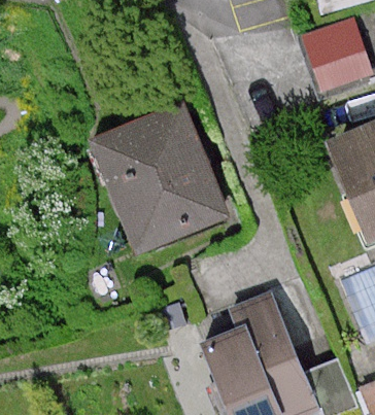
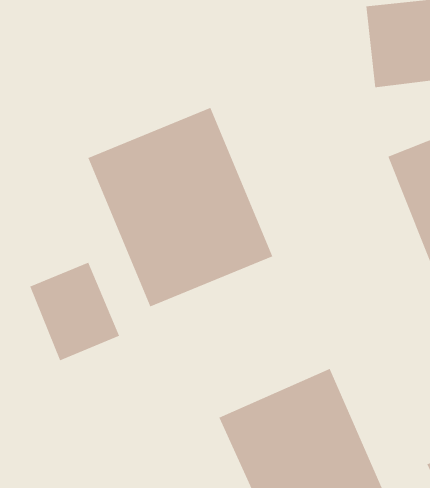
building: none -> [29,262,120,361]

